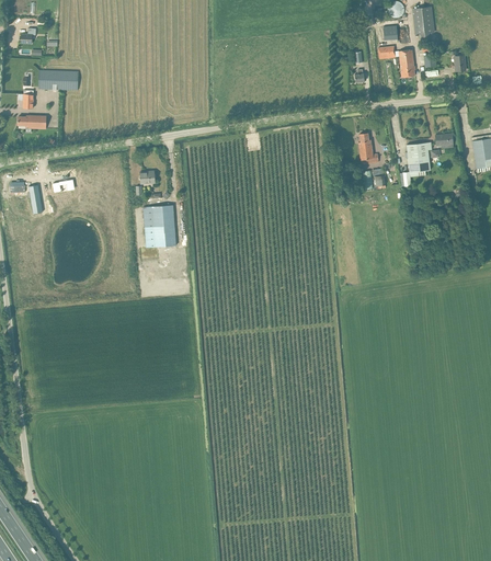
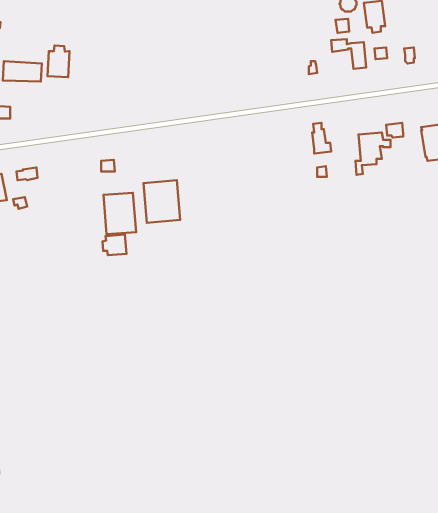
building: none -> [47,46,70,77]
building: none -> [144,180,180,223]
building: none -> [102,234,127,255]

